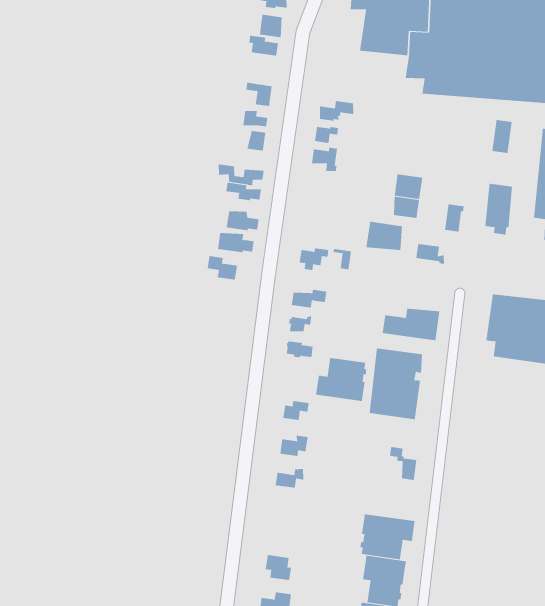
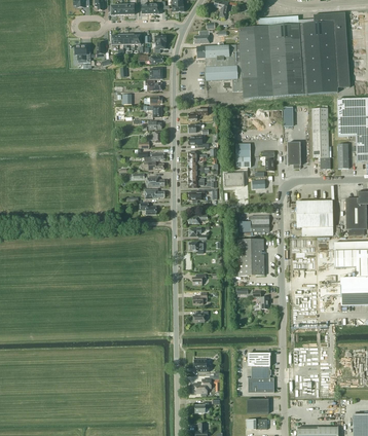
building: [316,357,367,402] -> none
building: [360,513,415,560] -> none

